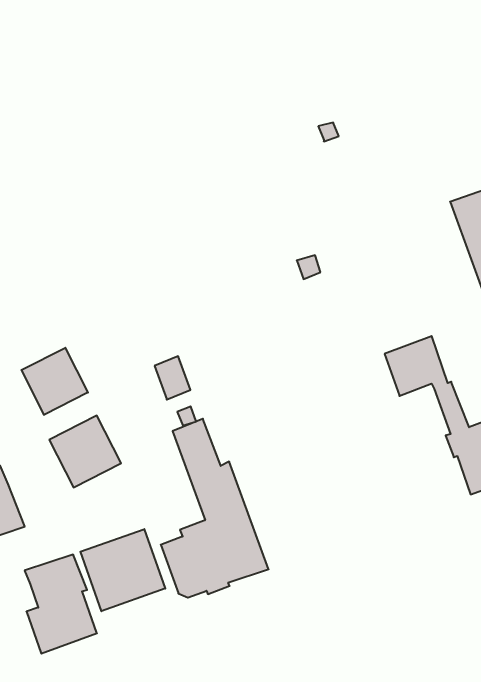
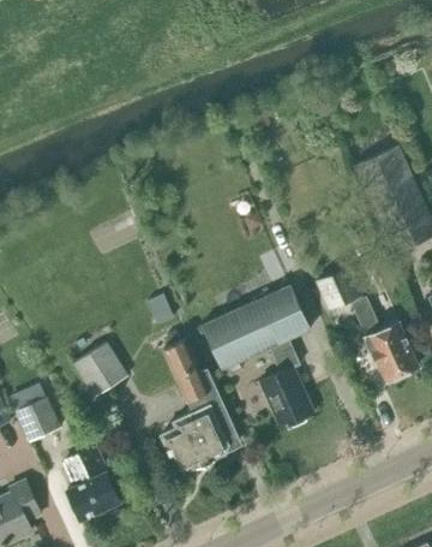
building: [21,348,88,415] -> none
building: none -> [202,286,313,428]
building: [80,529,165,611] -> none

